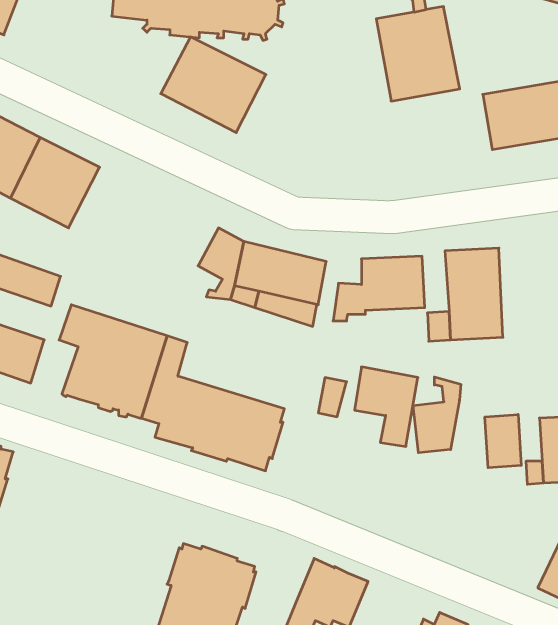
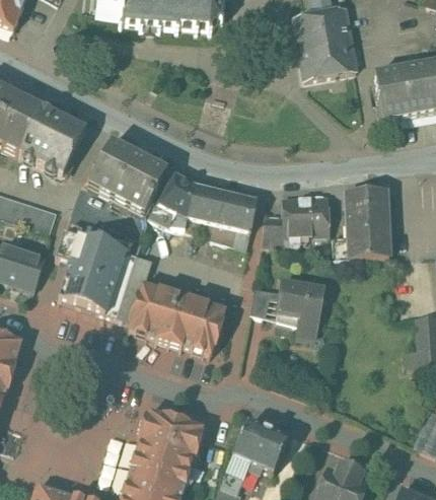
building: [161,37,266,133] -> [88,140,167,212]
building: [413,377,461,453] -> none
building: [485,414,521,468] -> none

